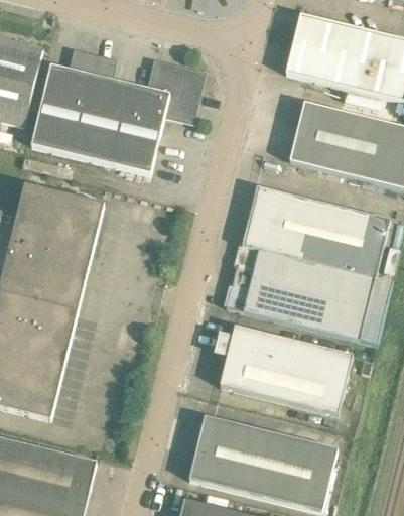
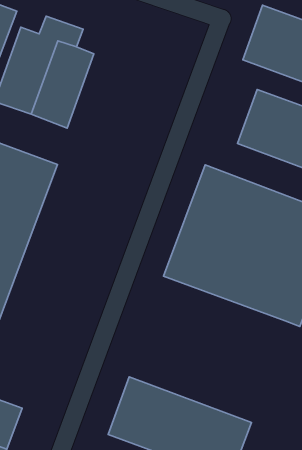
building: [110,60,204,173] -> none
building: [222,328,354,415] -> none

